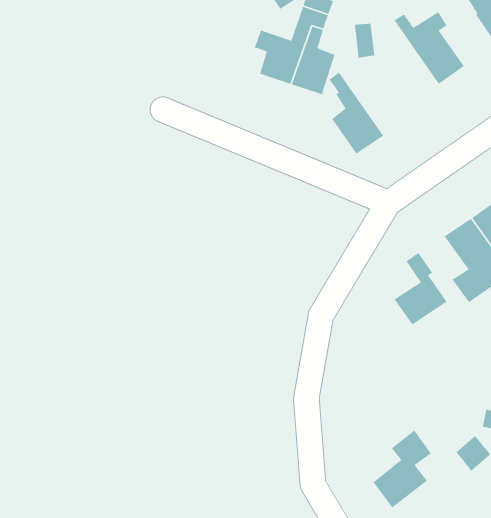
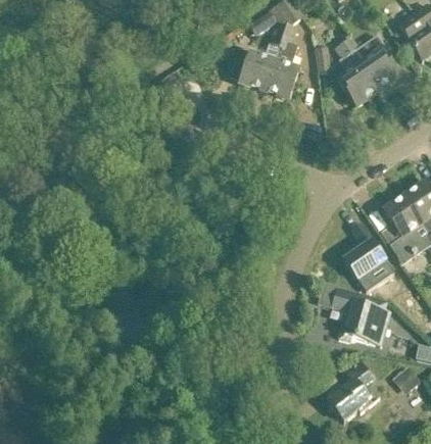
building: [329,71,384,154] -> [336,42,379,106]
building: none -> [332,293,391,344]

